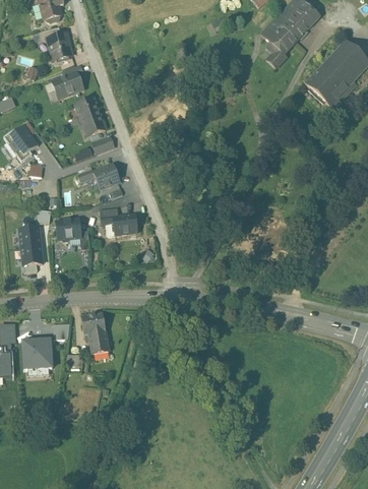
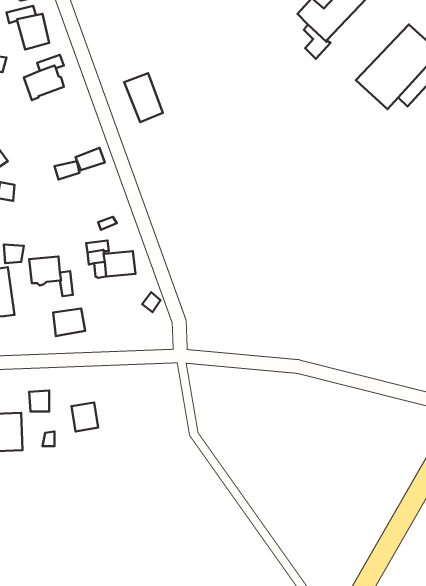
building: [75,98,105,135] -> [124,73,163,122]
building: [77,164,120,189] -> none
building: [81,313,106,334] -> [53,308,85,336]

